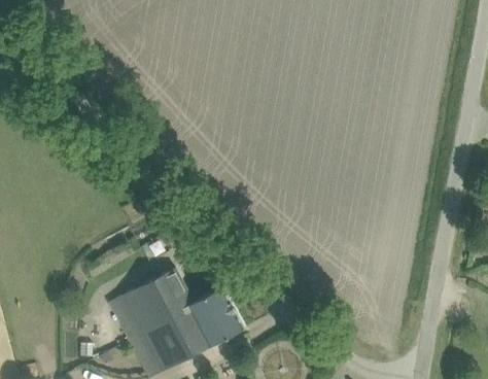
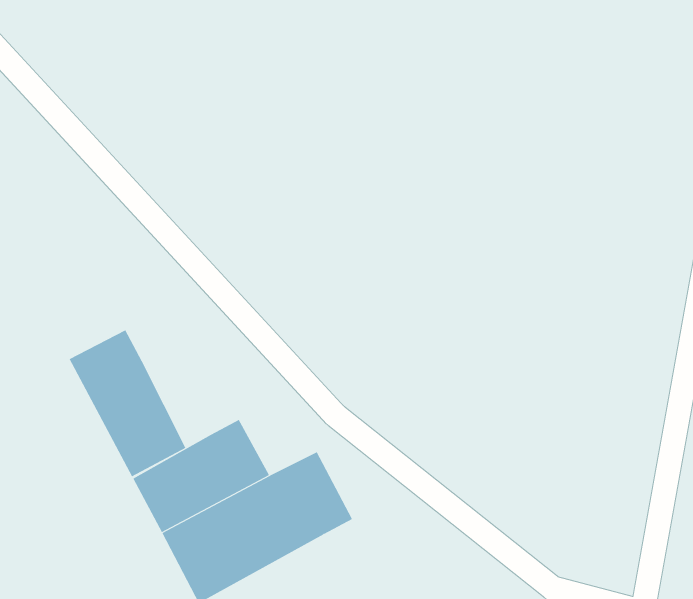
building: none -> [69,330,186,477]

